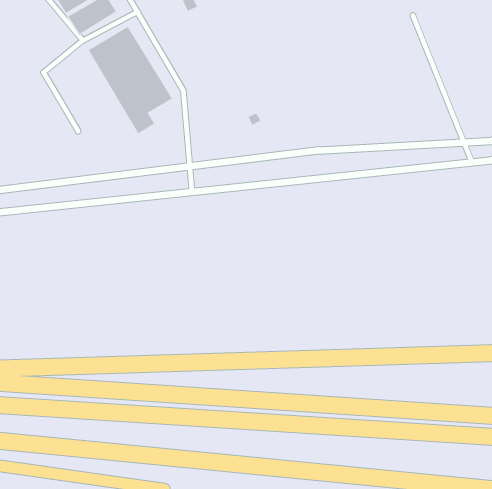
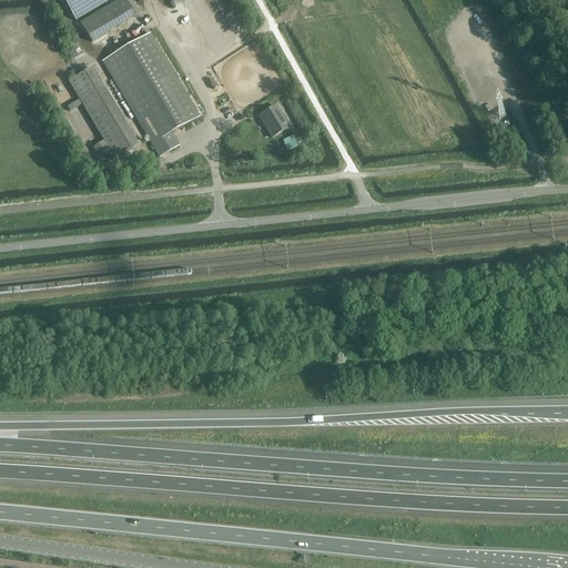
building: none -> [68,62,139,155]
building: none -> [260,102,288,134]

